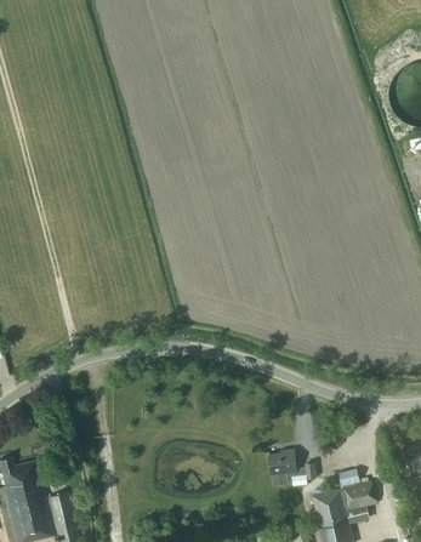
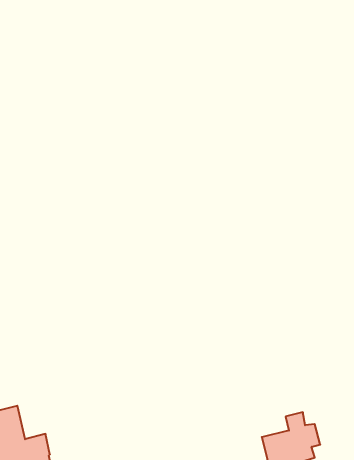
building: [268,449,315,485] -> none

